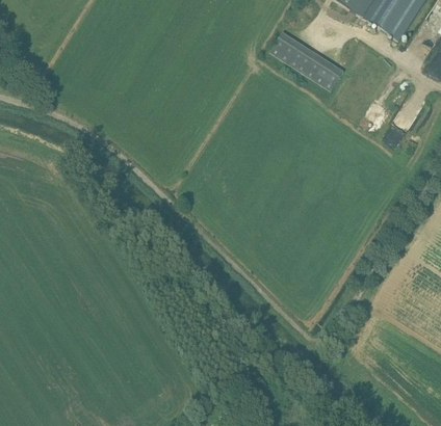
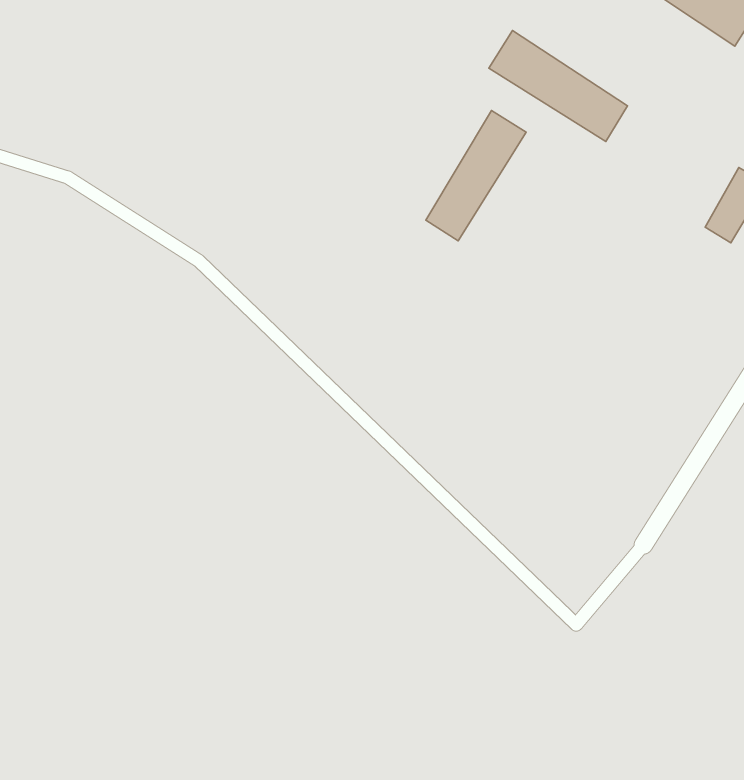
building: none -> [426,111,526,241]

